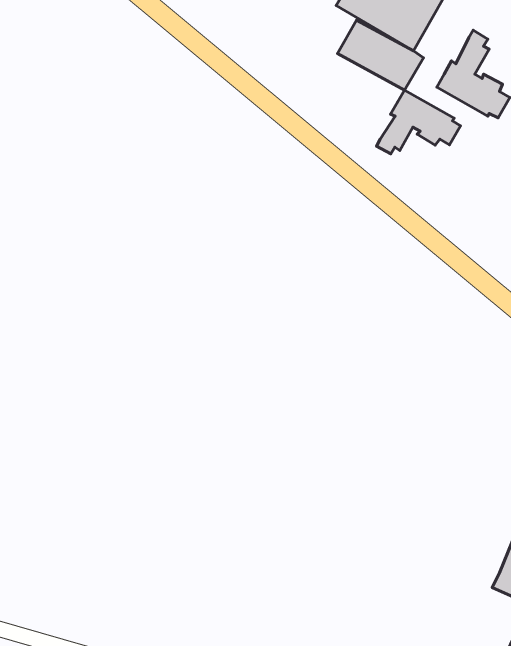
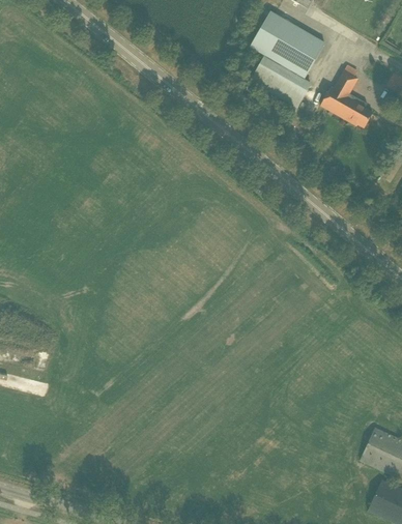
building: [376,90,460,154] -> none

